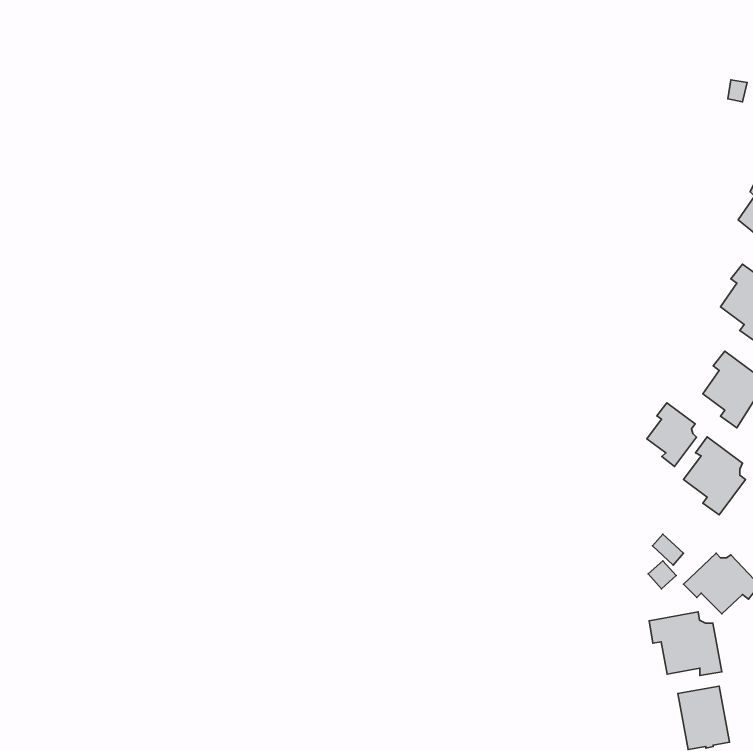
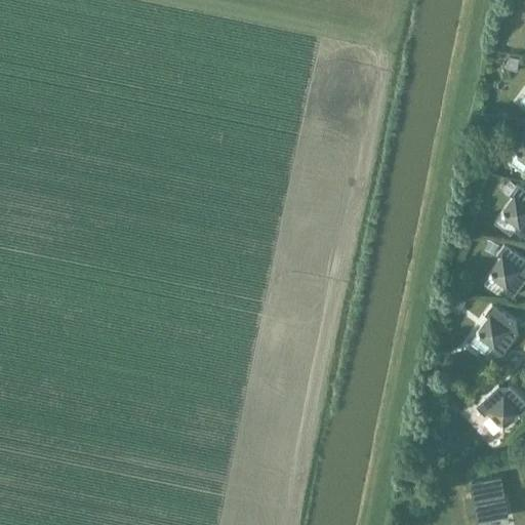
building: [647,403,696,466] -> none
building: [649,612,722,676] -> none

